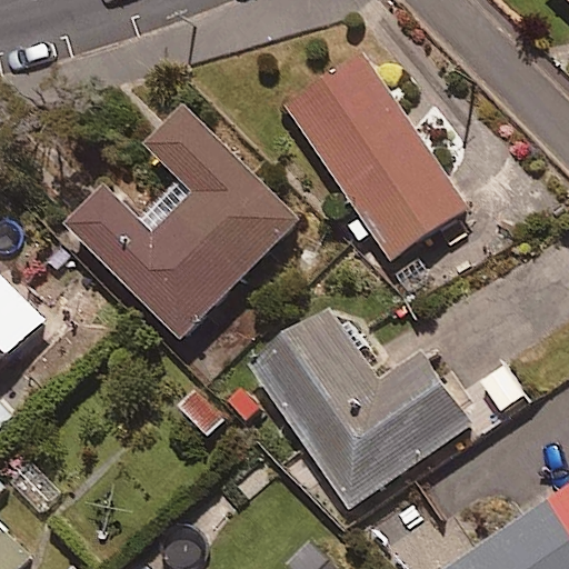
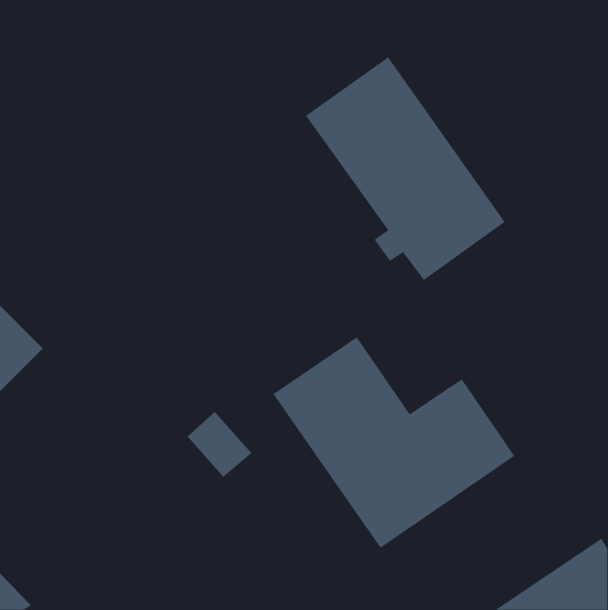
building: [67,107,299,339] -> none

